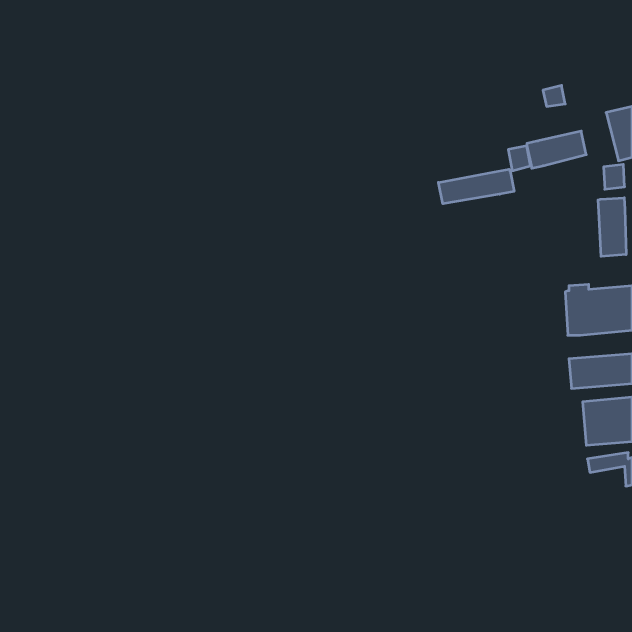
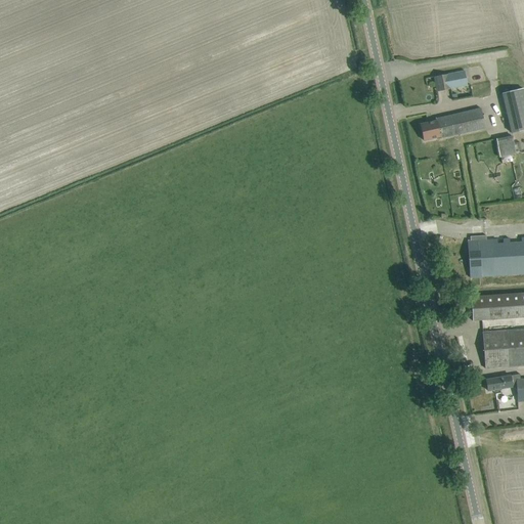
building: [438,169,514,204] -> none
building: [598,198,626,256] -> none

